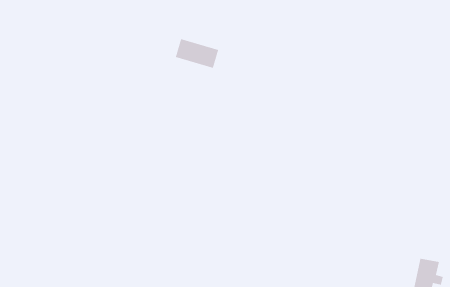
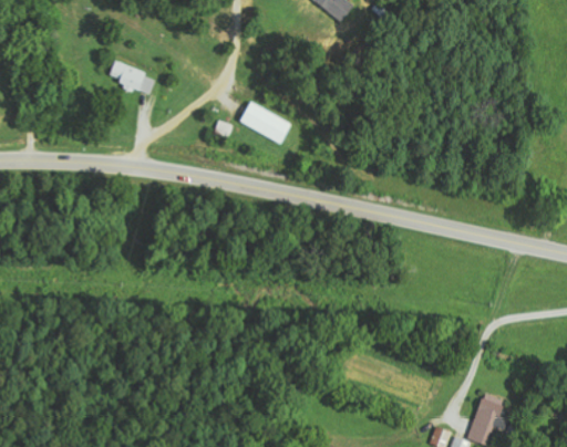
building: none -> [107,63,155,93]

